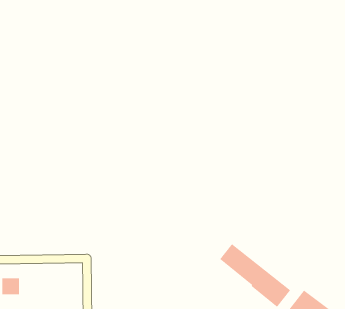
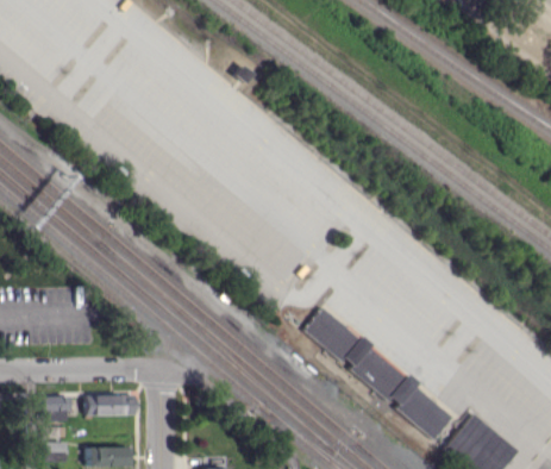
building: none -> [305,307,371,370]
building: none -> [87,395,136,417]

